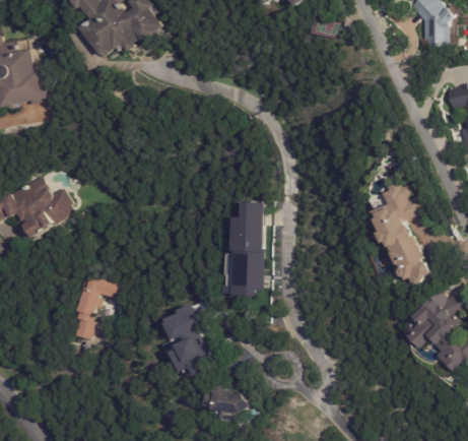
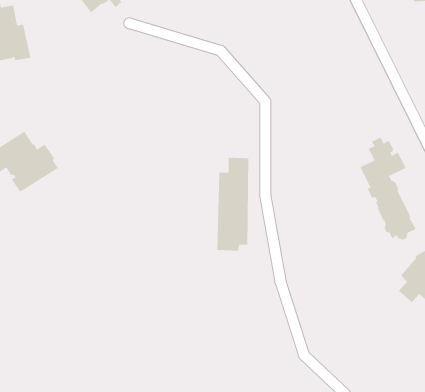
building: [74,277,122,340] -> none
building: [157,308,209,376] -> none
building: [204,383,257,422] -> none

